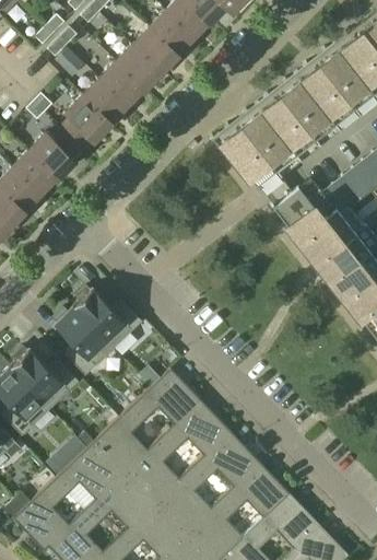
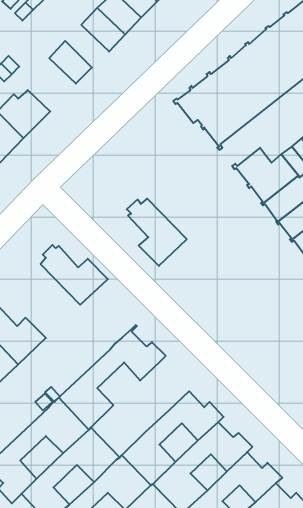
building: [99,61,144,105] -> none
building: [61,95,110,150] -> none
building: [54,306,115,375] -> [127,199,187,266]
building: [126,406,232,504] -> none

